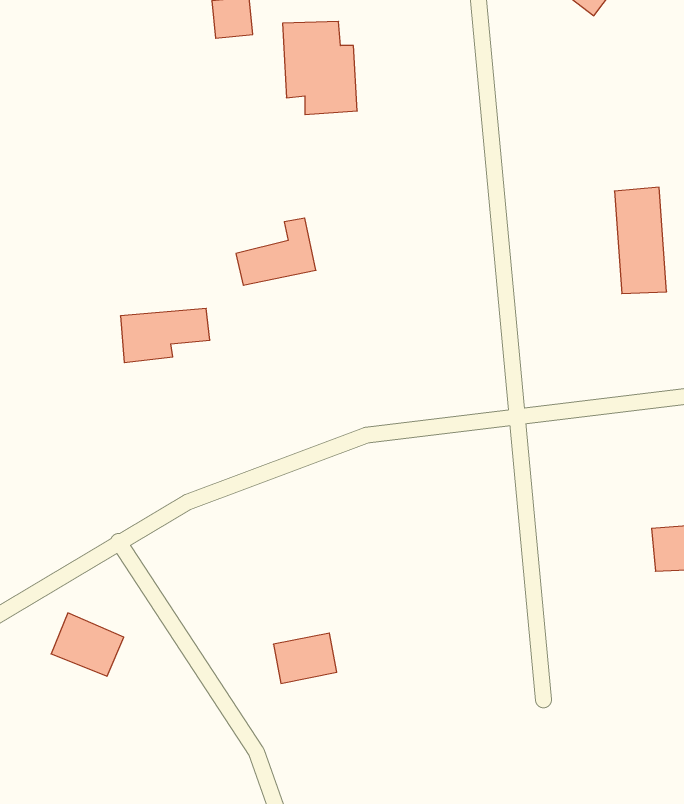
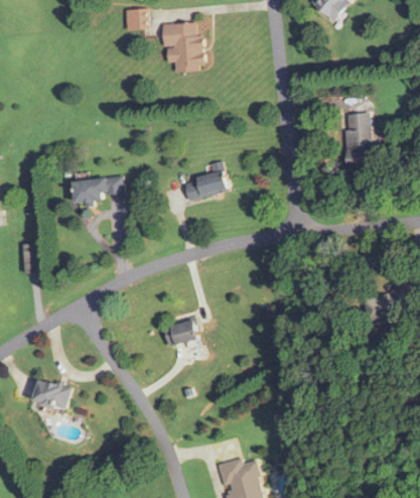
building: [236,218,316,285] -> [185,162,229,199]
building: [51,613,124,676] -> [33,378,73,412]
building: [273,633,337,683] -> [165,320,199,347]

